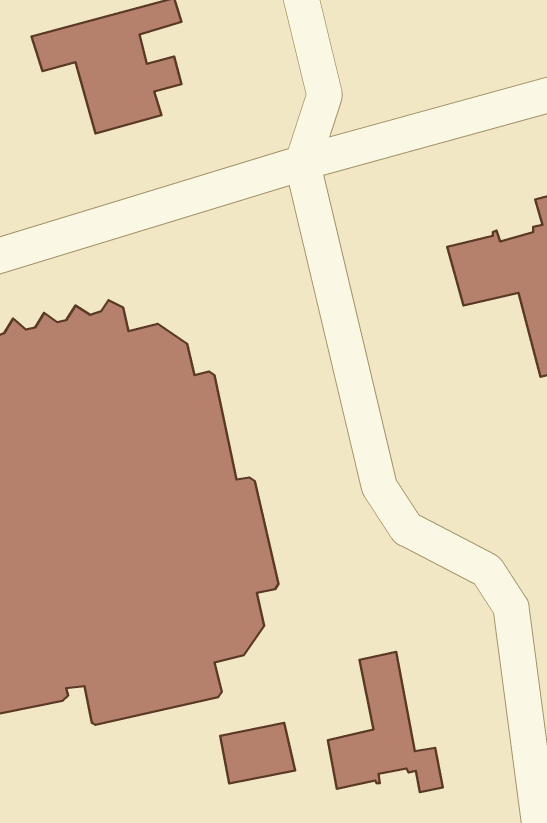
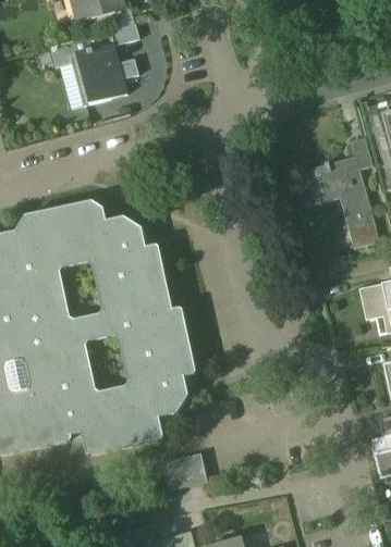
building: [328,652,443,792] -> none

